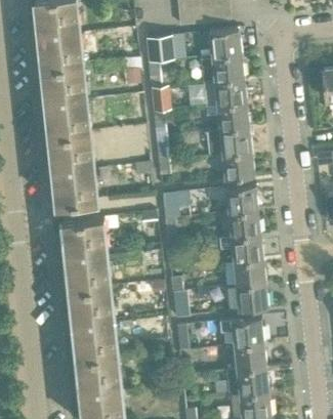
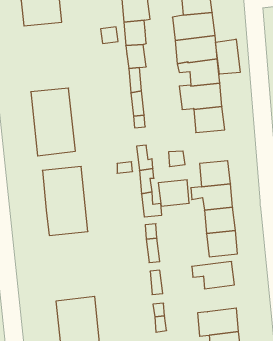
building: [42,64,89,137] -> none
building: none -> [216,39,240,74]
building: [224,185,257,213] -> [158,180,189,206]
building: [69,285,117,359] -> none
building: [233,341,266,370] -> none

